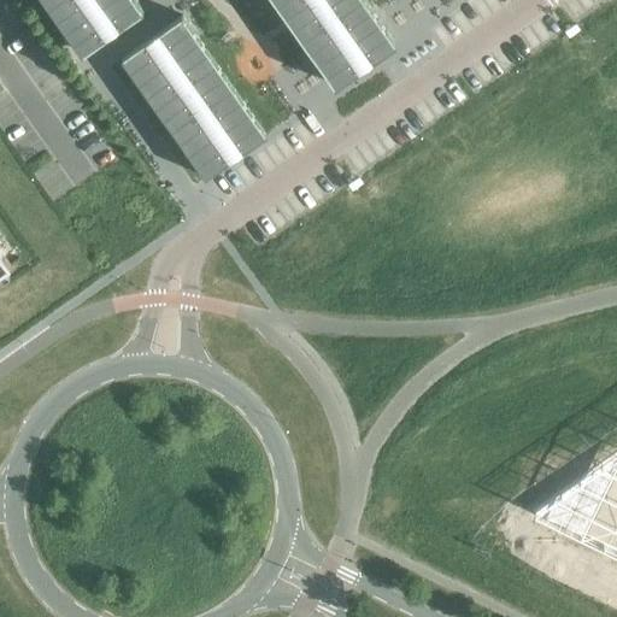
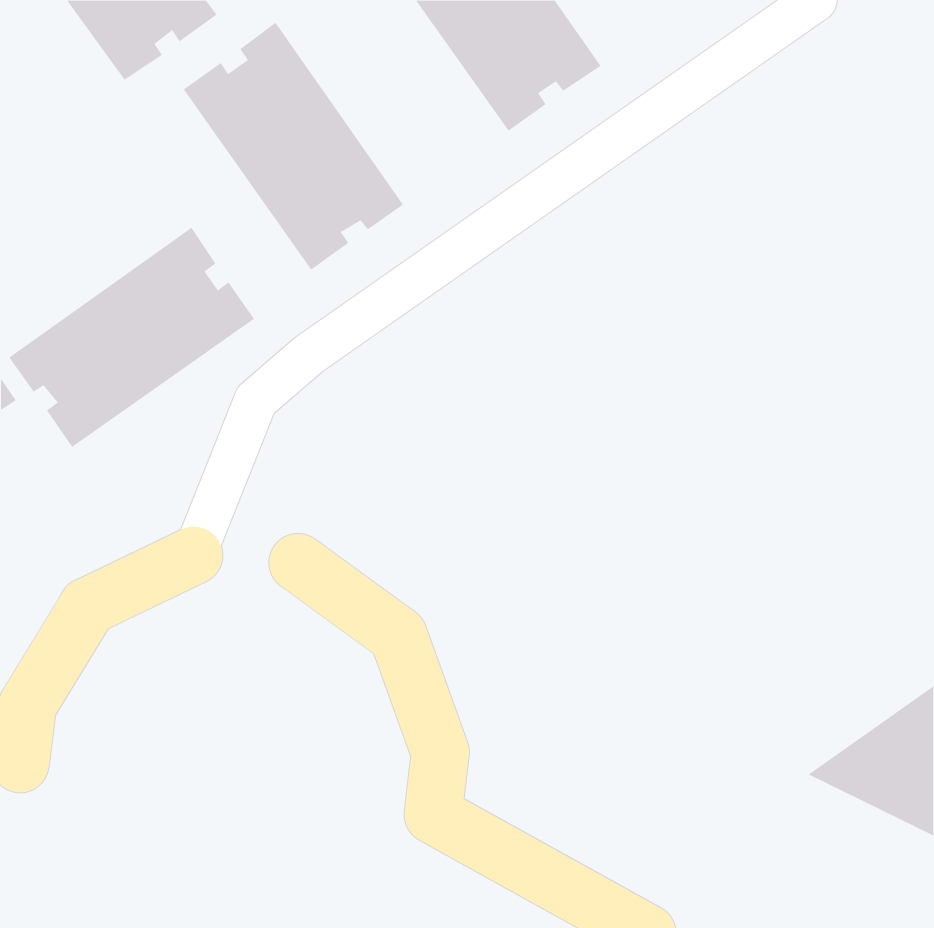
building: none -> [8,227,255,448]

